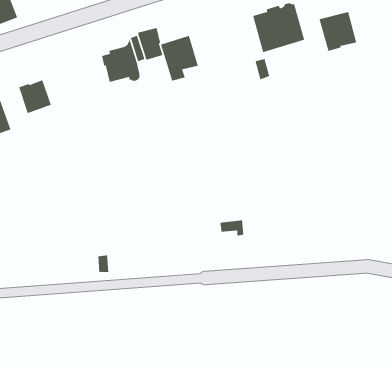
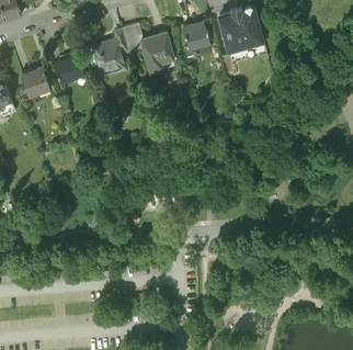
building: [318,11,357,52] -> none
building: none -> [181,20,208,45]
building: none -> [54,52,82,81]

